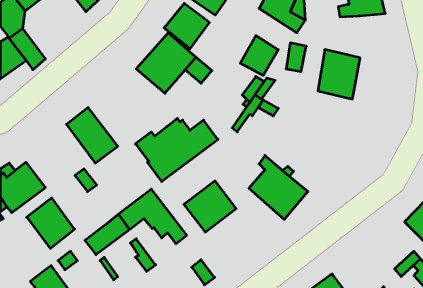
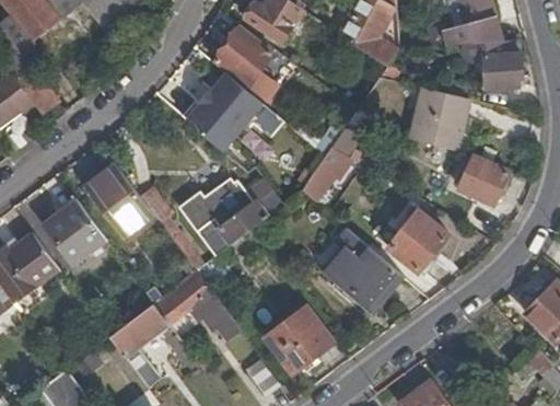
building: none -> [467,39,522,89]
building: [240,36,278,75] -> none
building: none -> [459,155,509,205]
building: none -> [388,206,448,272]
building: [184,181,236,232] -> [266,306,334,373]
building: [27,198,75,248] -> [44,198,106,264]

